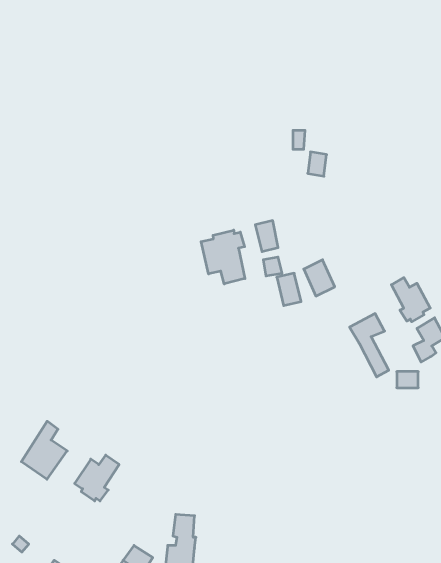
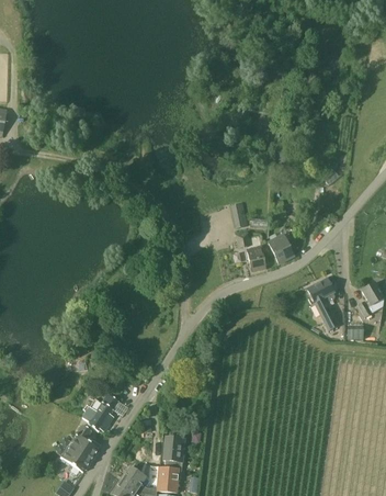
building: [201,230,245,284] -> none
building: [391,278,430,322] -> none
building: [21,421,67,479] -> [61,424,99,471]

